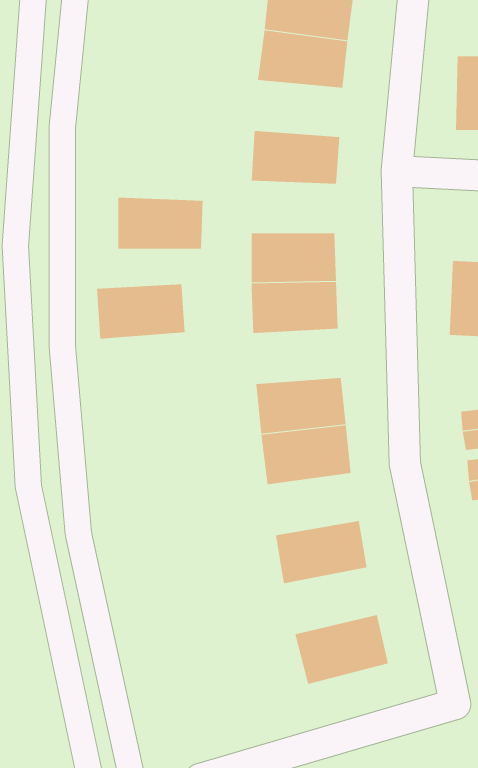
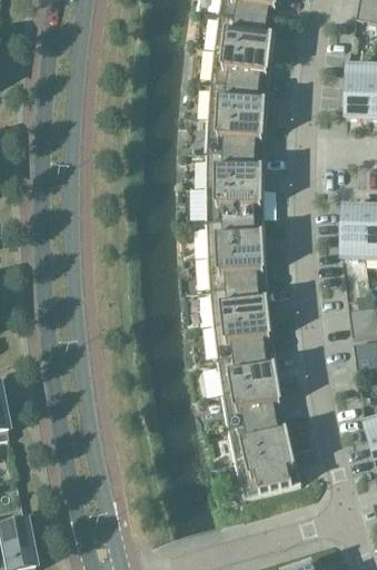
building: none -> [207,79,268,118]
building: [118,197,204,249] -> [205,148,264,184]
building: [96,284,186,339] -> [206,249,267,287]
building: none -> [216,348,279,391]
building: none -> [227,413,291,459]

